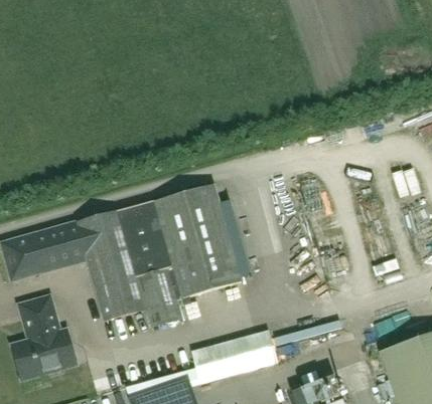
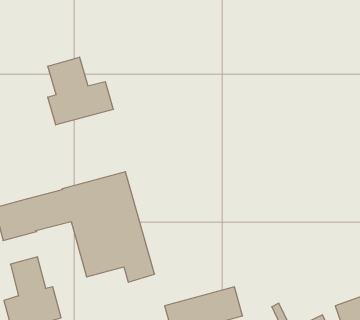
building: none -> [48,57,113,125]
building: [147,183,246,316] -> none

